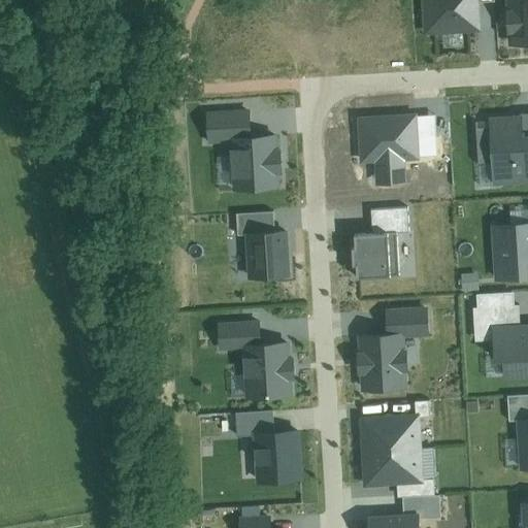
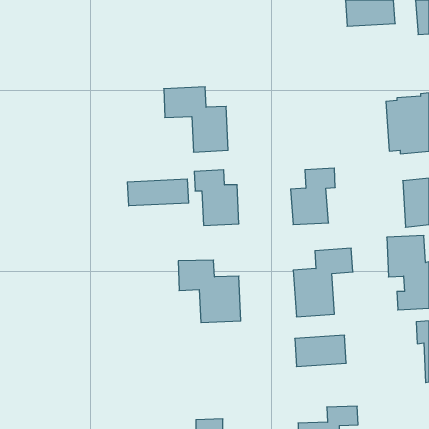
building: [354,119,432,188] -> none
building: none -> [127,179,189,206]
building: [235,409,304,483] -> none
building: [362,447,425,486] -> none

